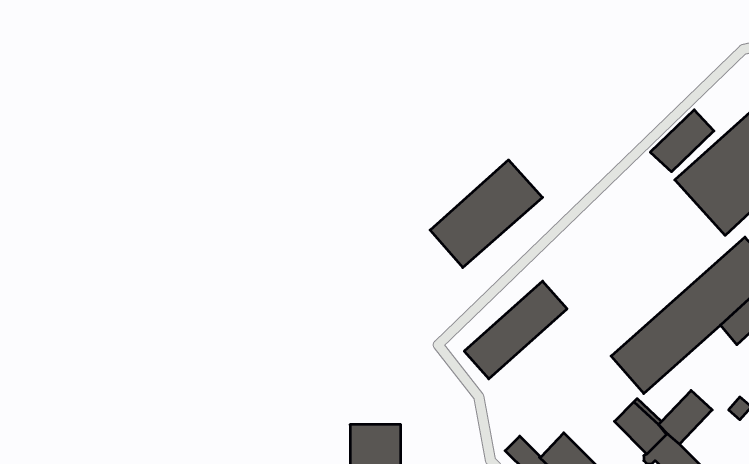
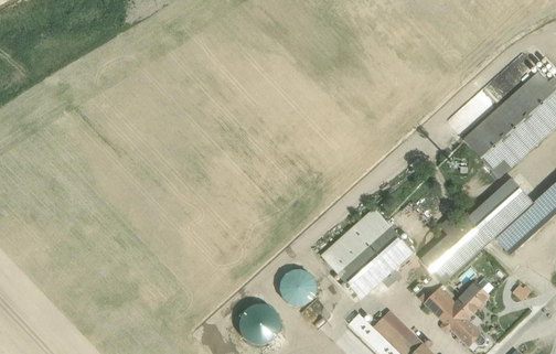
building: [430,160,543,268] -> [339,226,415,299]
building: none -> [279,268,314,302]

